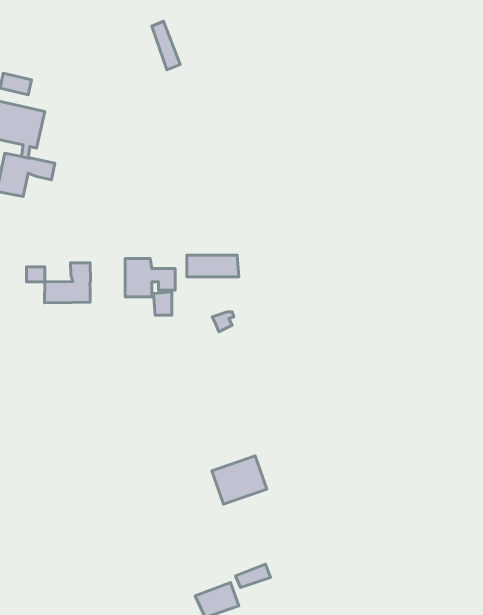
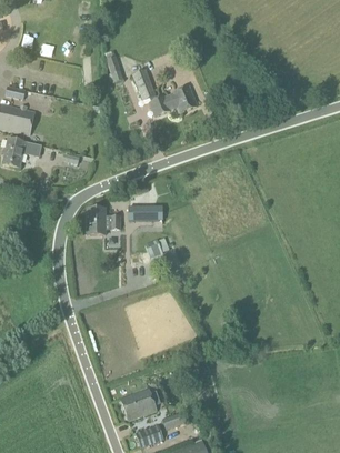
building: none -> [132,69,197,115]
building: [44,263,91,303] -> none
building: [212,456,267,504] -> [120,387,157,420]

